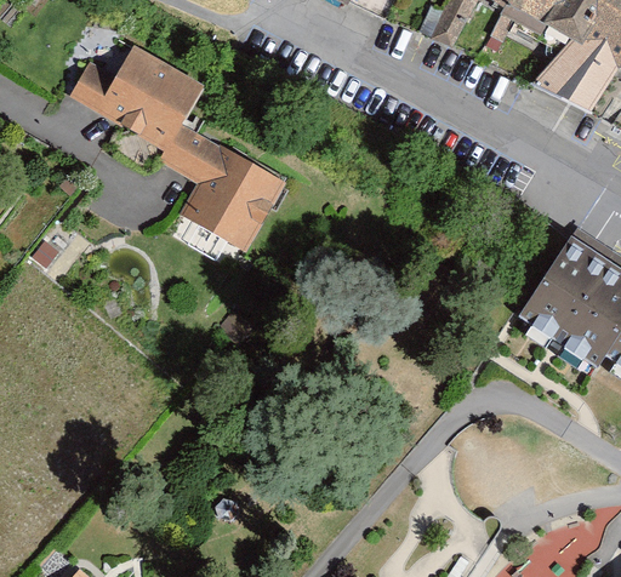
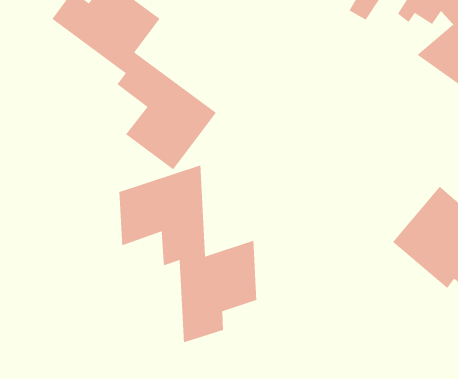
building: none -> [119,164,257,343]

